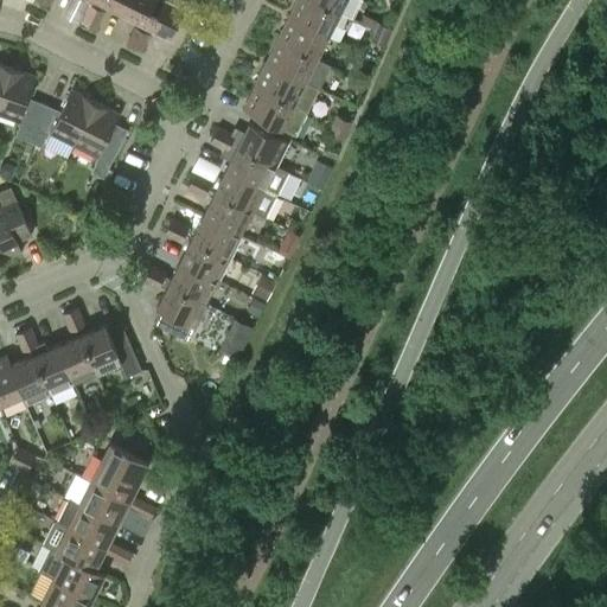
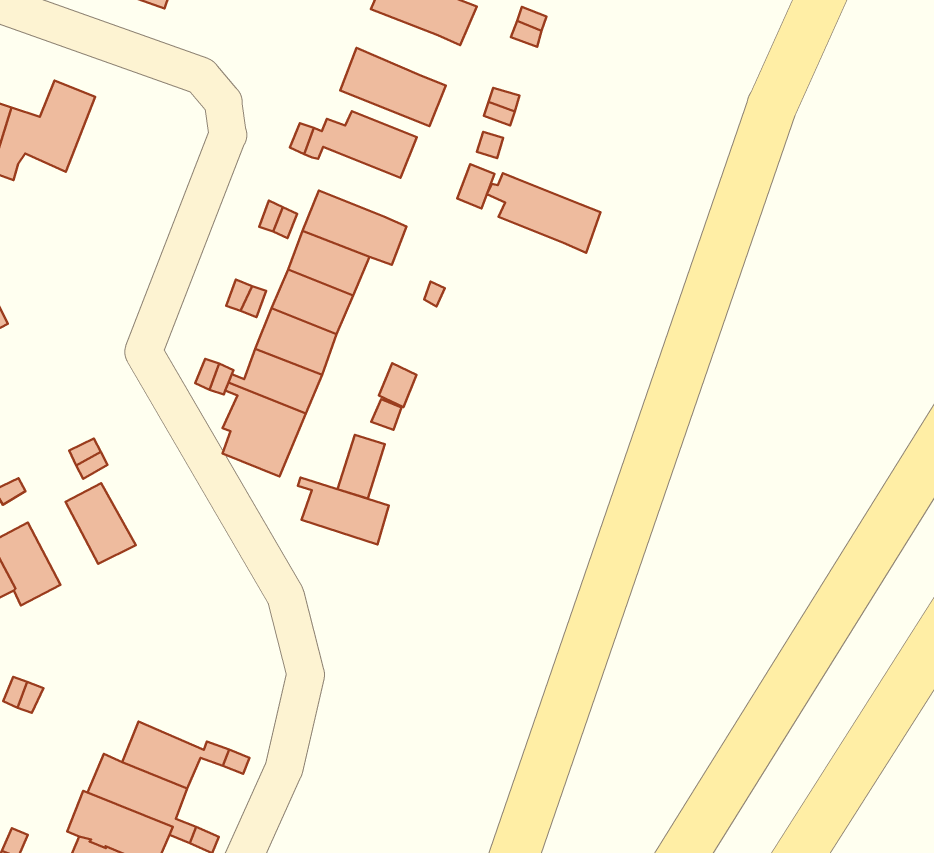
building: [255,64,318,114] -> none
building: [74,103,123,180] -> none
building: [219,145,287,197] -> [487,173,600,253]
building: [79,324,141,378] -> none
building: none -> [298,478,389,545]
building: [30,345,74,396] -> none
building: [90,445,147,503] -> none

